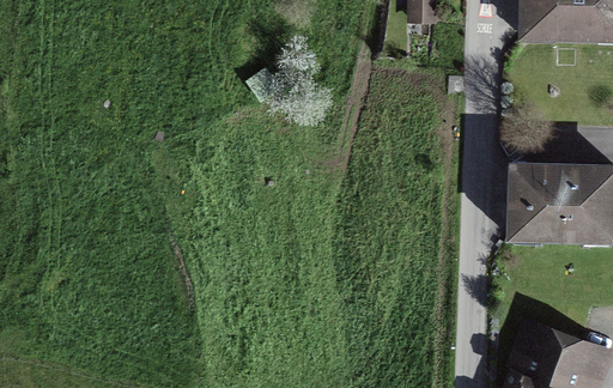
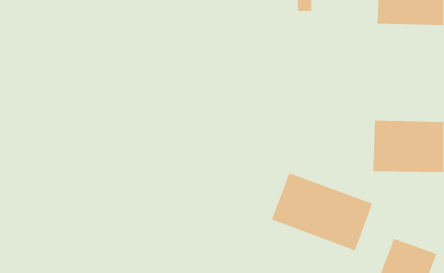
building: none -> [271,172,373,251]

